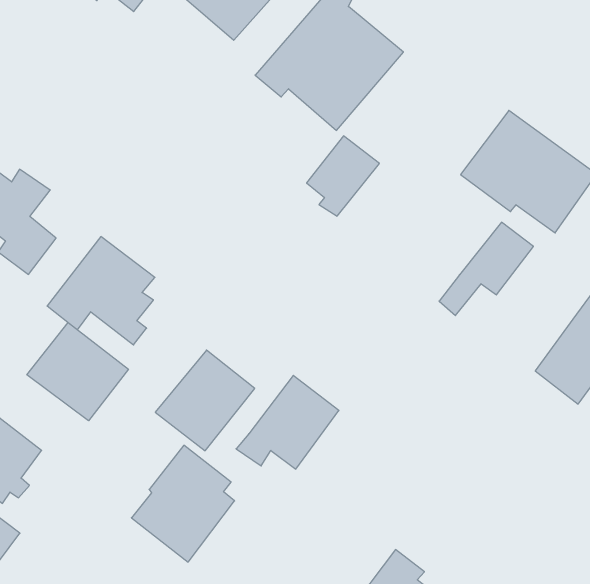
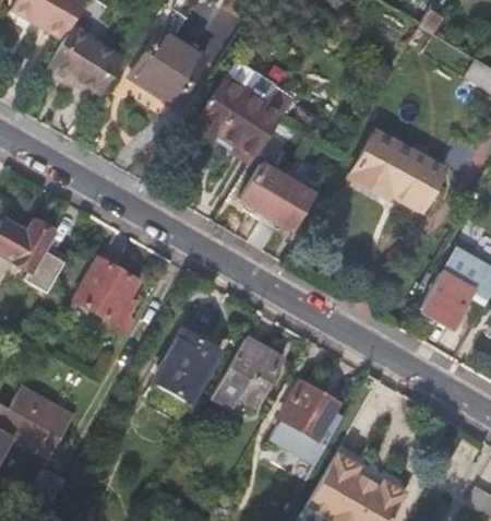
building: [439,222,533,316] -> [251,179,313,250]
building: [27,323,128,421] -> none
building: [131,445,235,562] -> [272,378,344,461]

